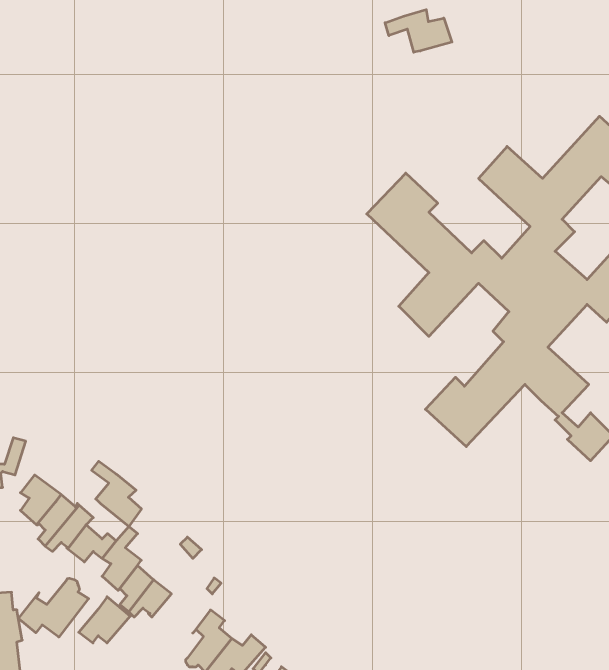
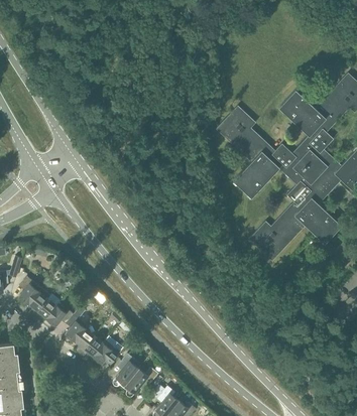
building: [385,10,452,52] -> none
building: [92,461,141,526] -> none
building: [18,578,89,637] -> none
building: [79,597,130,643] -> [93,337,122,364]

